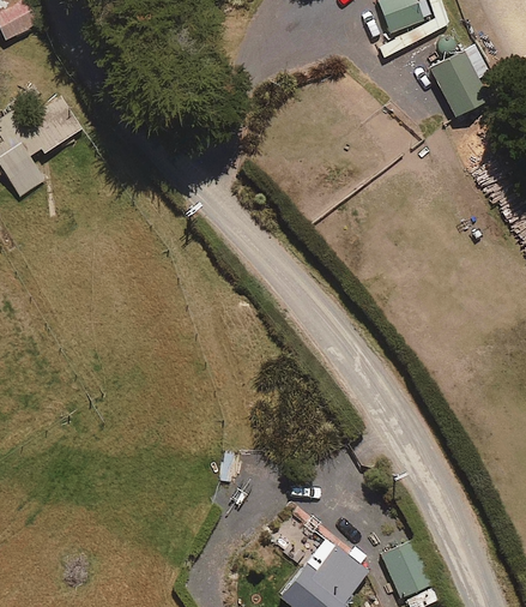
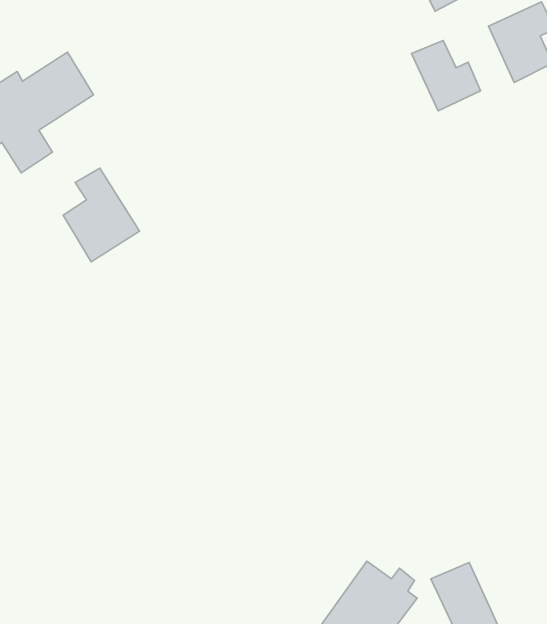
building: none -> [412,40,481,111]
building: none -> [63,168,140,262]

